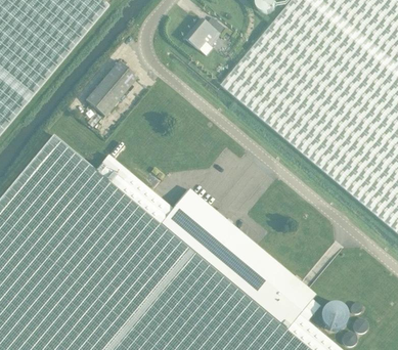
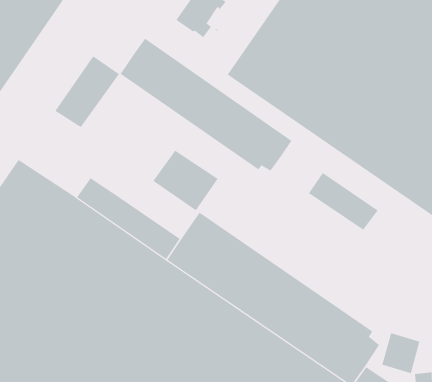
building: none -> [120,38,292,171]
building: none -> [153,150,219,211]
building: none -> [308,172,378,230]

